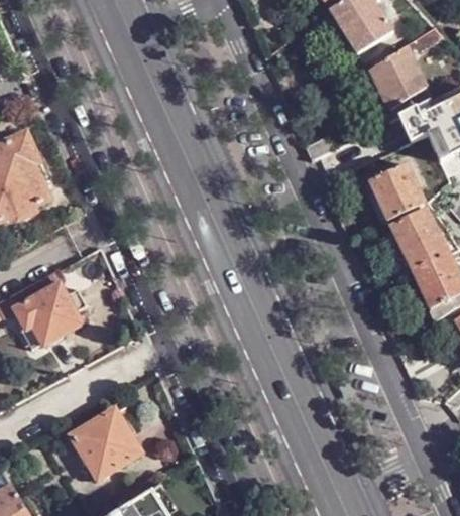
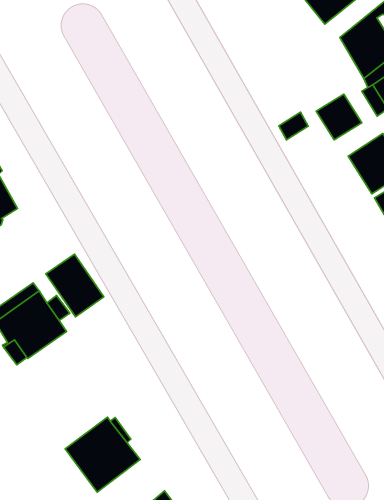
building: none -> [316,94,362,140]
building: none -> [46,254,104,317]

